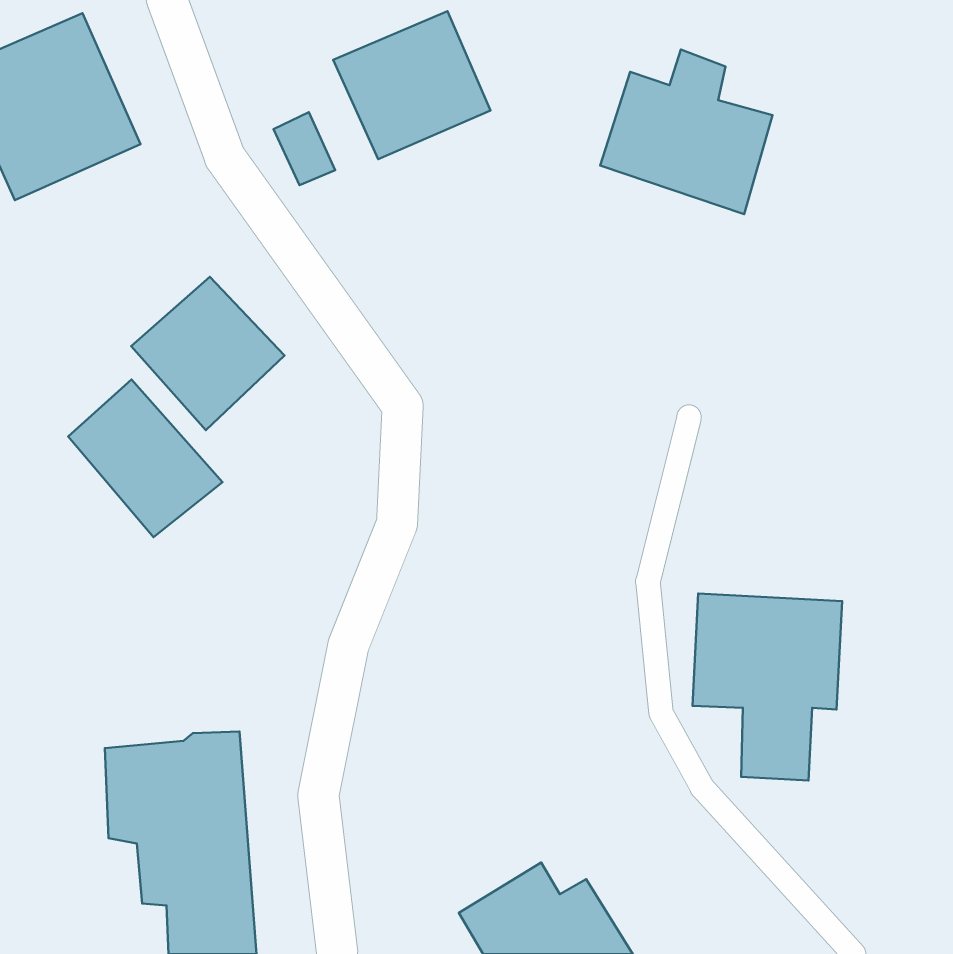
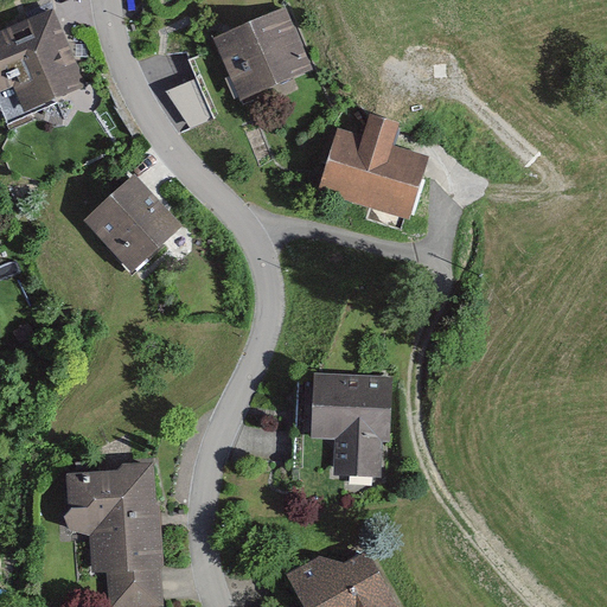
building: [600,50,772,214] -> [318,114,427,218]
building: [68,380,223,537] -> none
building: [692,594,842,781] -> [307,370,402,488]

